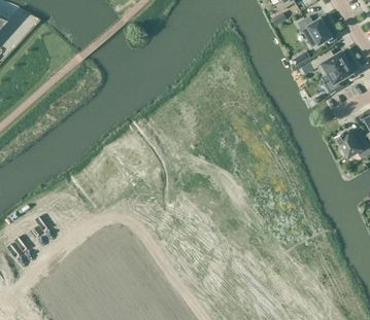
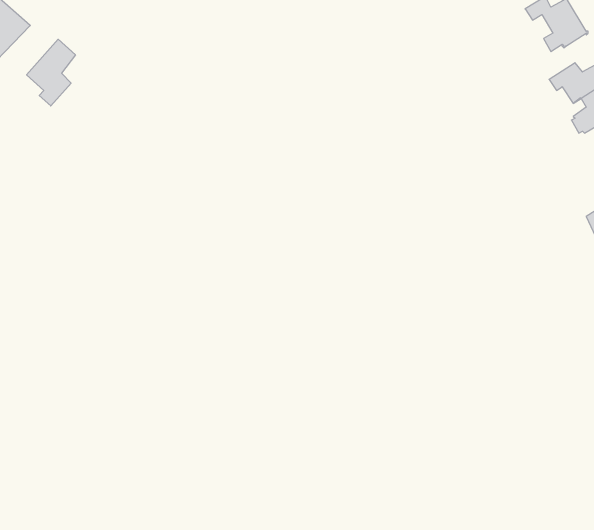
building: none -> [27,39,75,106]

